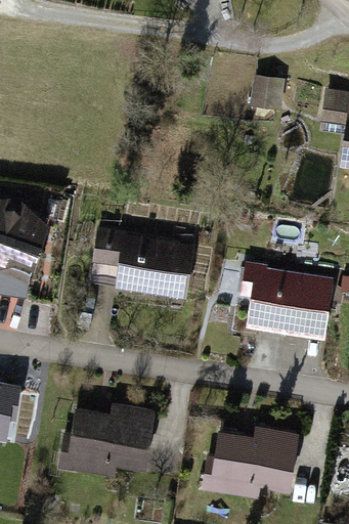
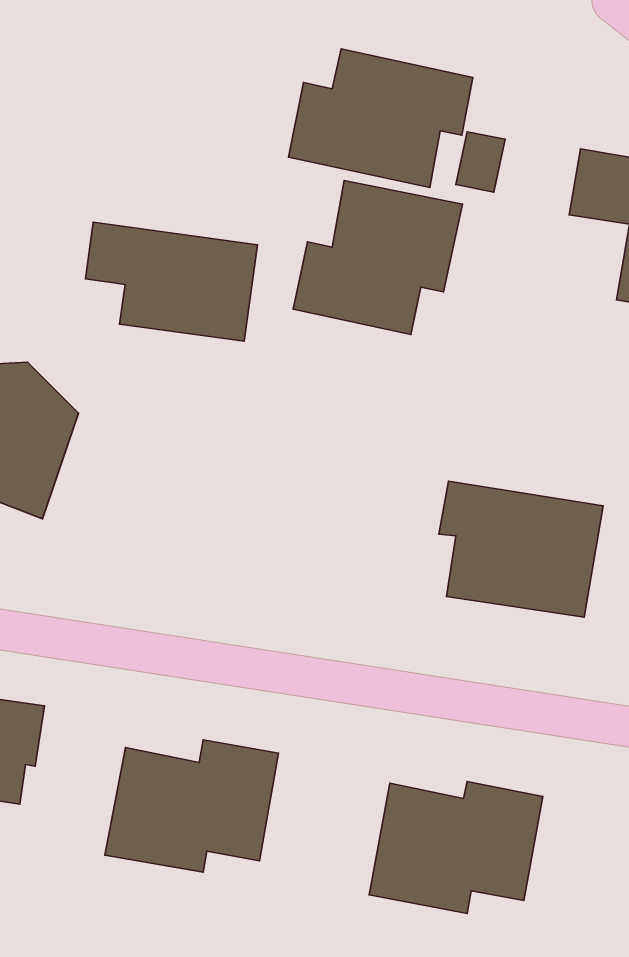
building: none -> [288,49,473,187]
building: none -> [293,181,463,334]
building: [96,232,189,297] -> [86,222,257,341]

